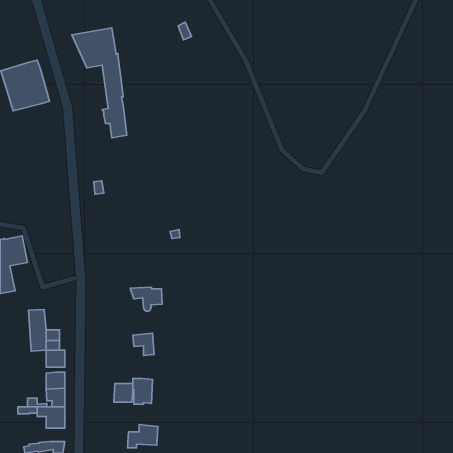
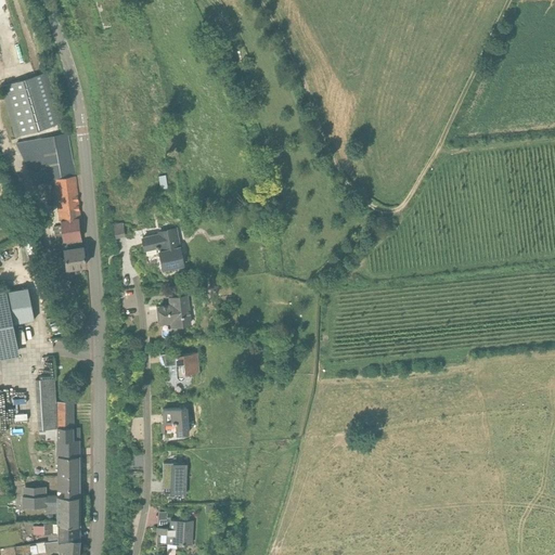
building: [72,28,127,138] -> [17,134,85,269]
building: none -> [141,228,183,268]
building: none -> [158,297,190,326]
building: [114,384,133,402] -> none
building: none -> [33,524,79,541]

